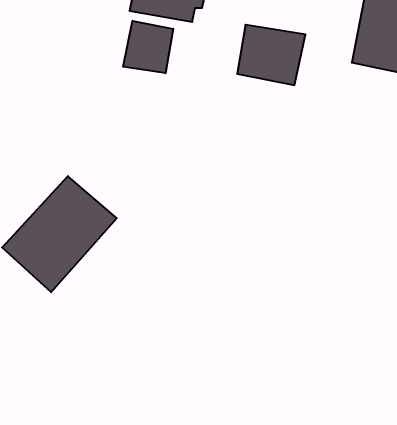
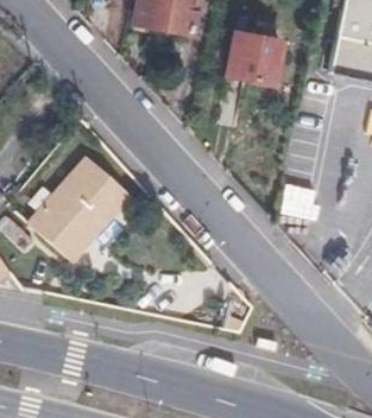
building: [123,21,173,73] -> none

